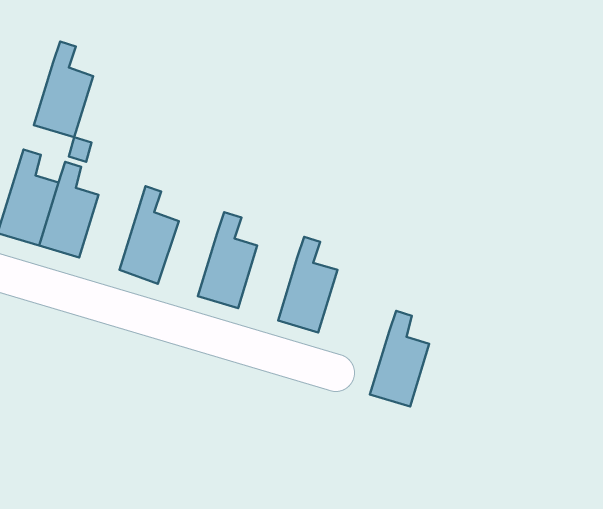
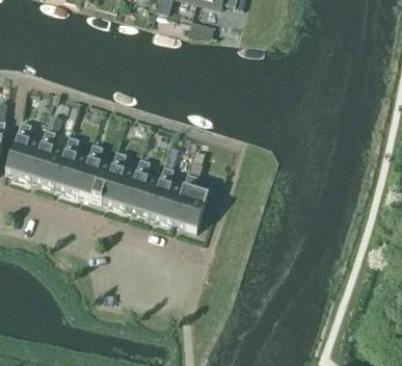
building: [34,41,93,137] -> [53,135,88,192]
building: none -> [100,151,135,208]
building: [370,311,429,407] -> [148,165,183,223]

